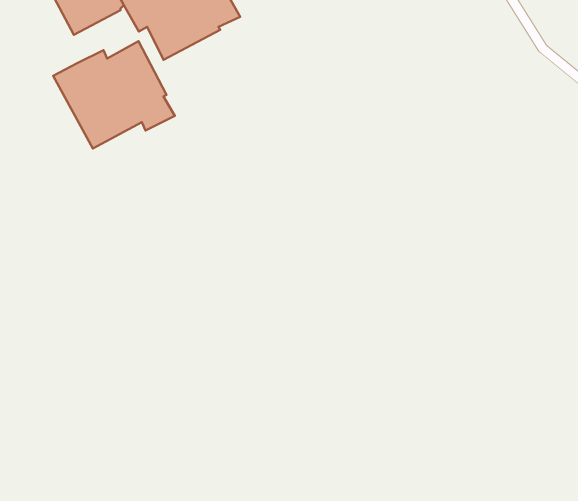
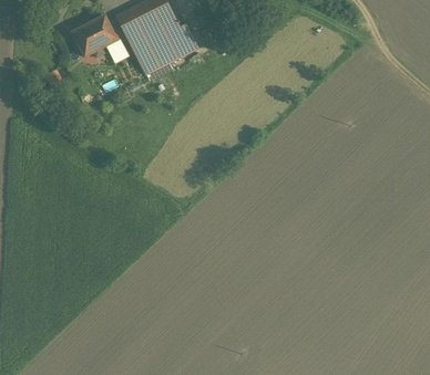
building: [53,41,175,149] -> none

